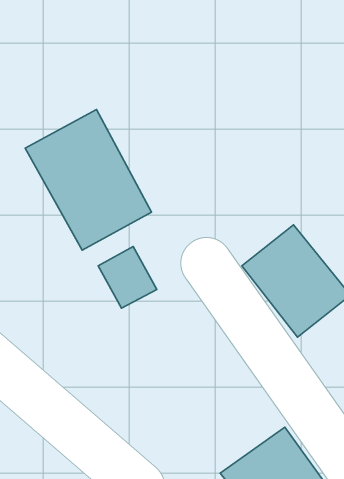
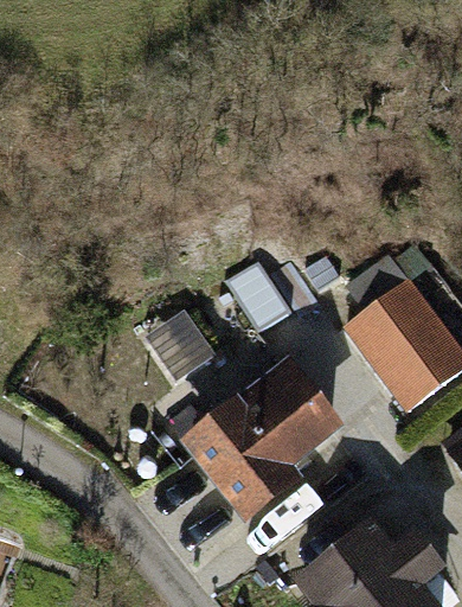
building: [25,110,152,250] -> none
building: none -> [194,357,333,493]

